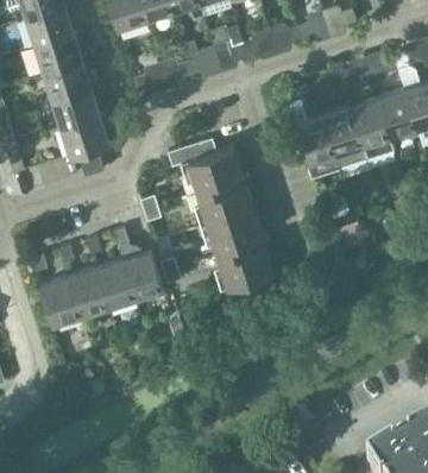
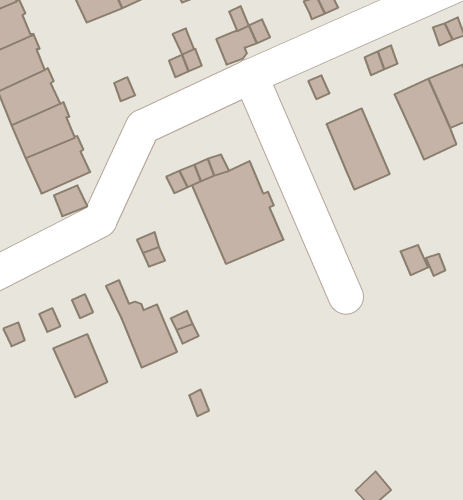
building: [322,106,366,166] -> none
building: [206,209,272,286] -> none
building: [94,258,133,305] -> none
building: [38,276,80,323] -> none

